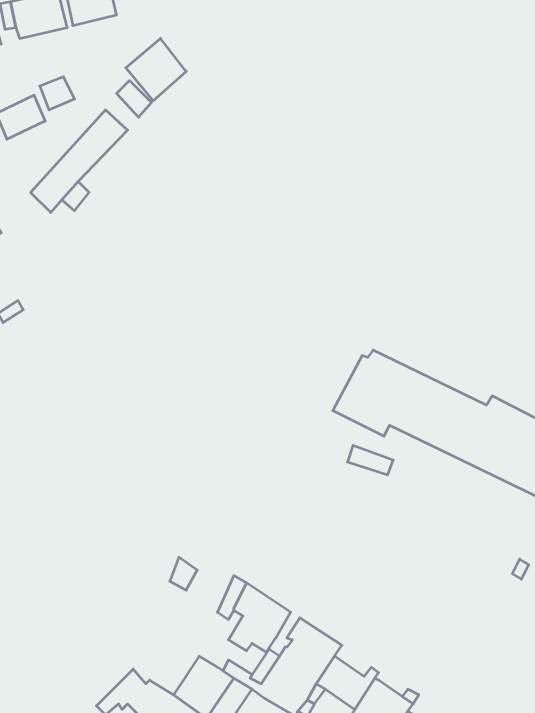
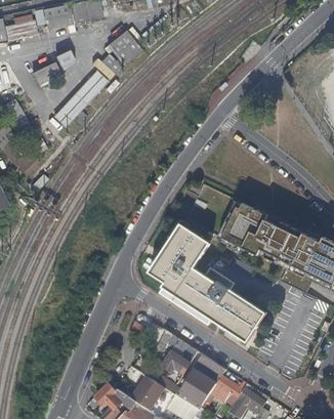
building: none -> [150,226,263,340]

